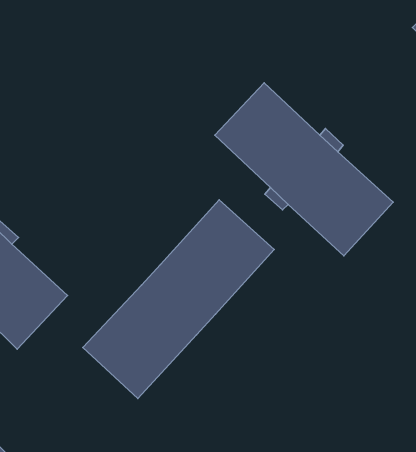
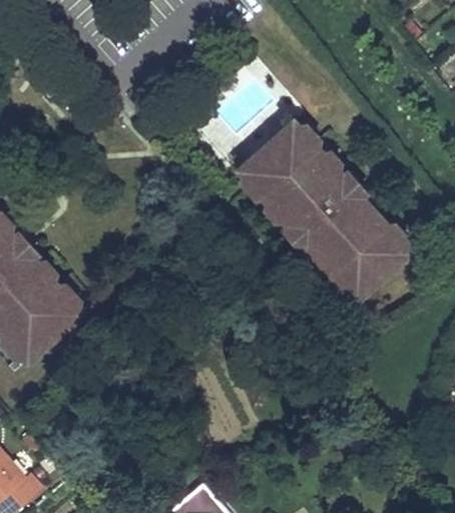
building: [83,200,274,398] -> none

